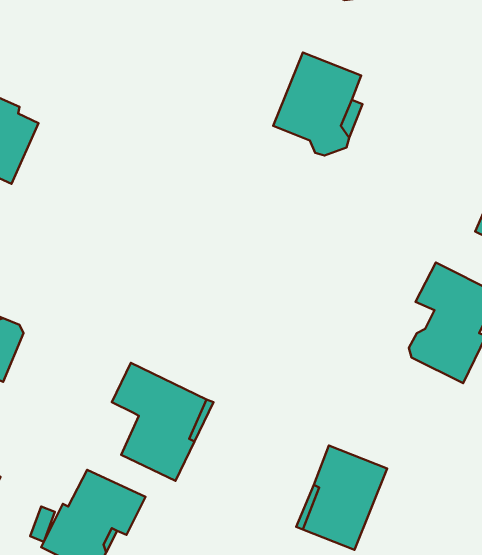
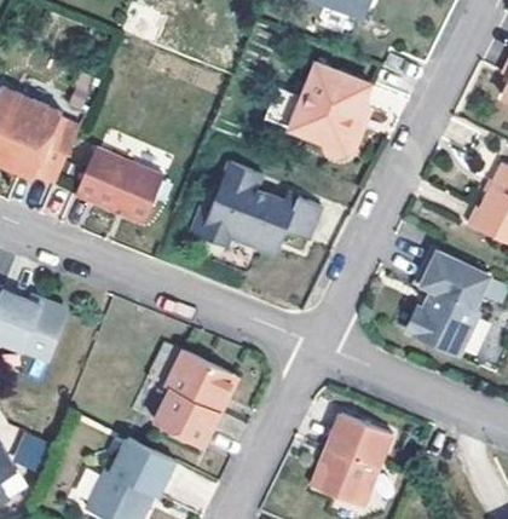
building: none -> [77,146,166,223]
building: none -> [194,161,319,254]

